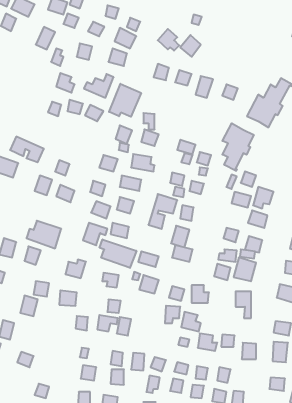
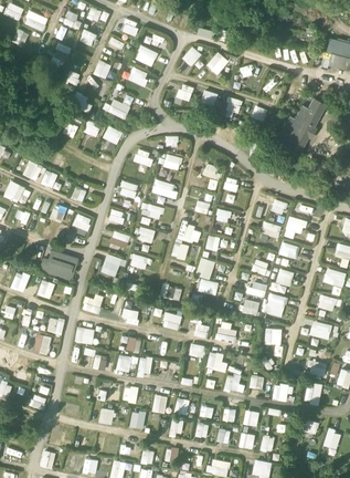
building: [109,84,141,117] -> none
building: [222,123,254,171] -> none
building: [100,239,136,268] -> none

